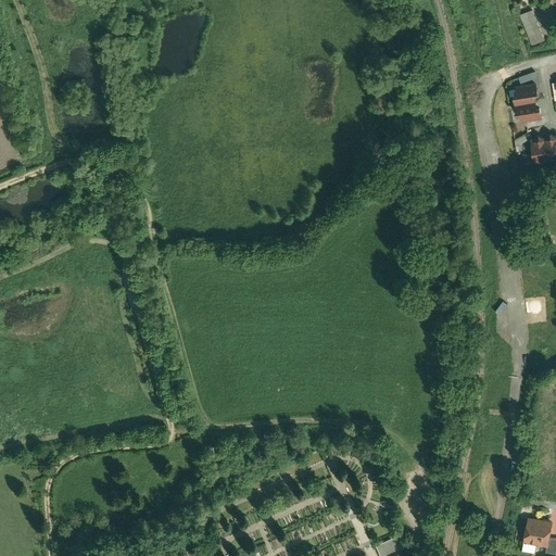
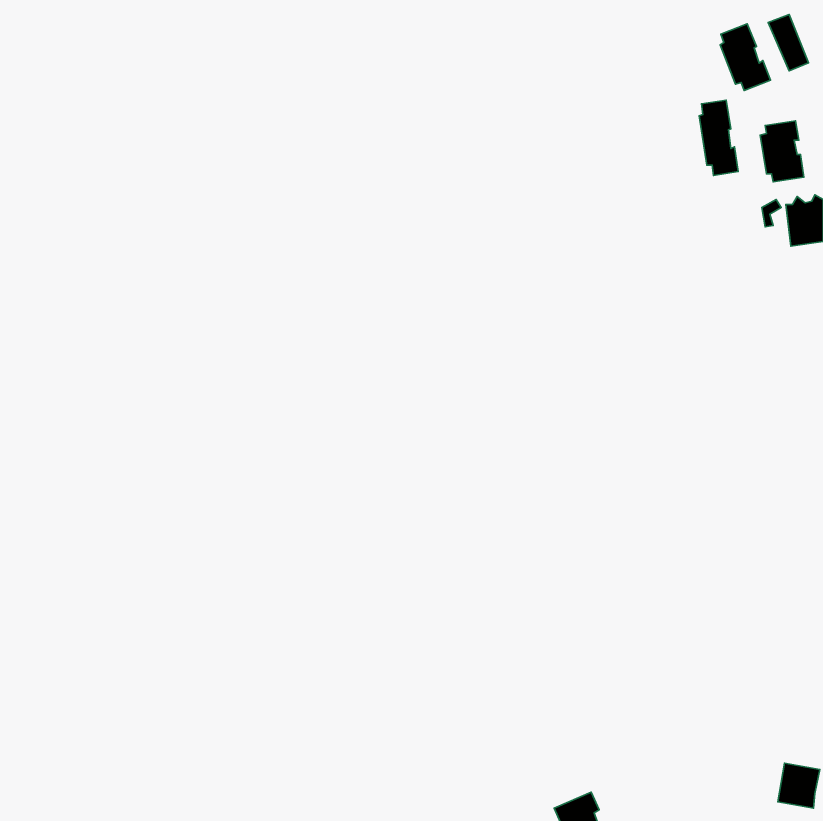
building: none -> [720,24,771,91]
building: none -> [699,100,738,176]

